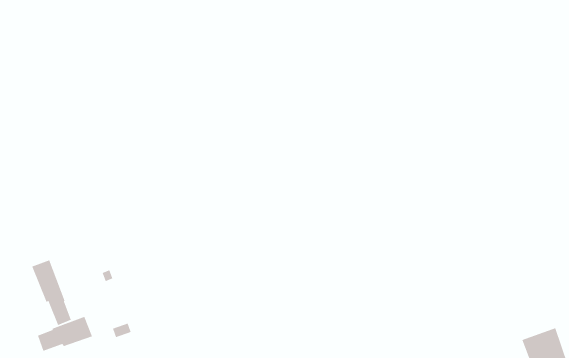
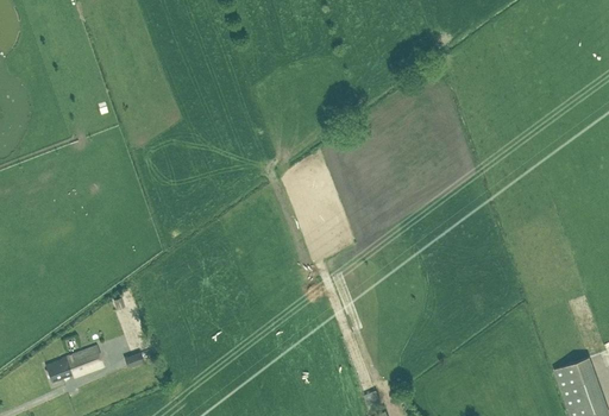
building: [32,259,71,326] -> none

